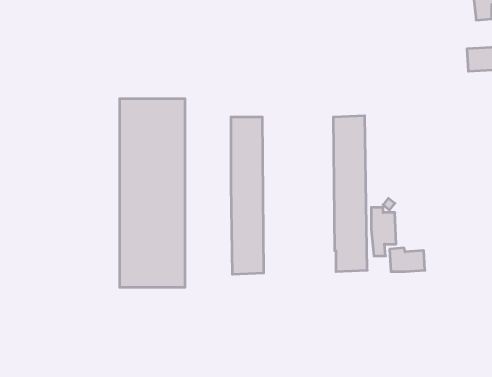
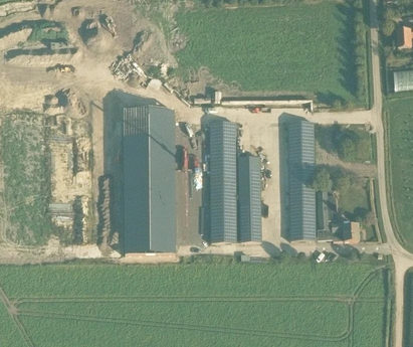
building: none -> [240,157,262,241]

